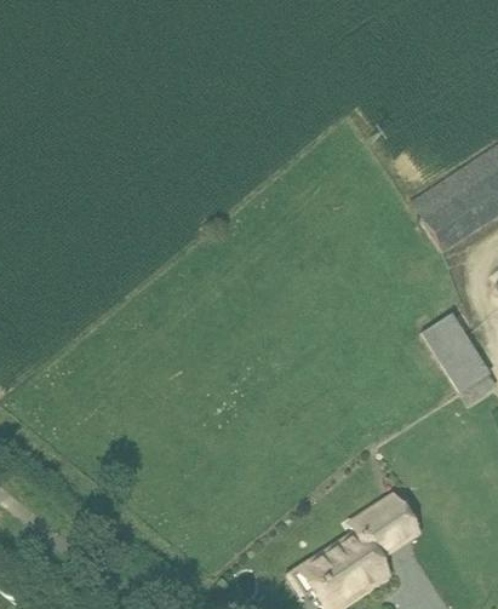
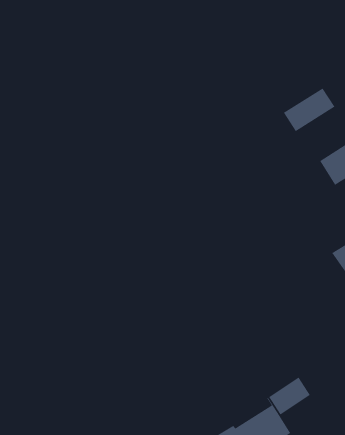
building: none -> [283,87,335,132]

